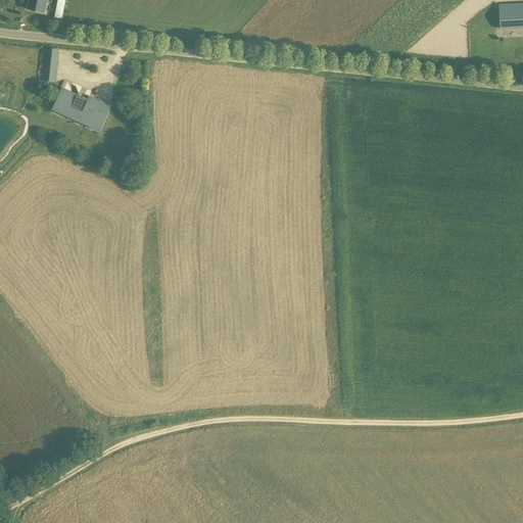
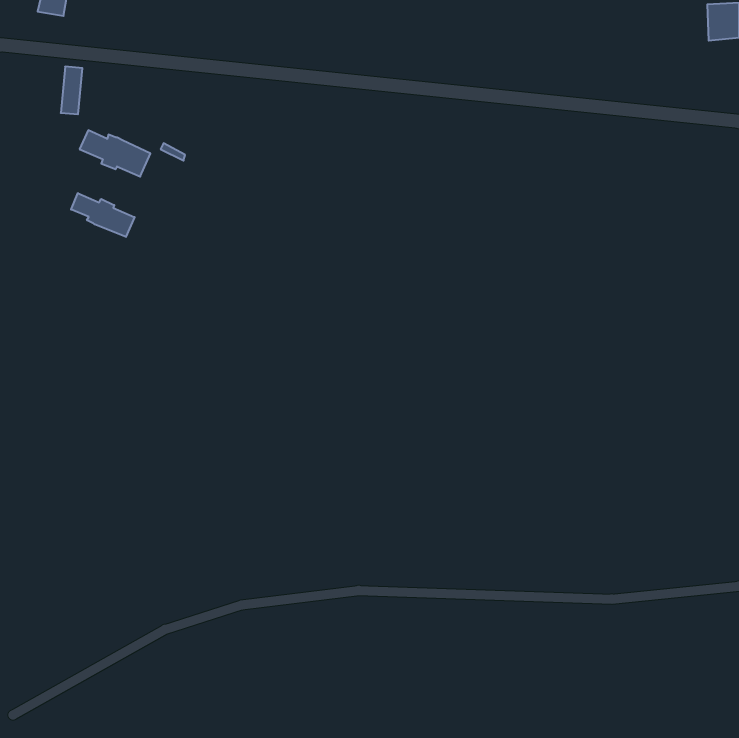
building: none -> [71,193,135,237]

